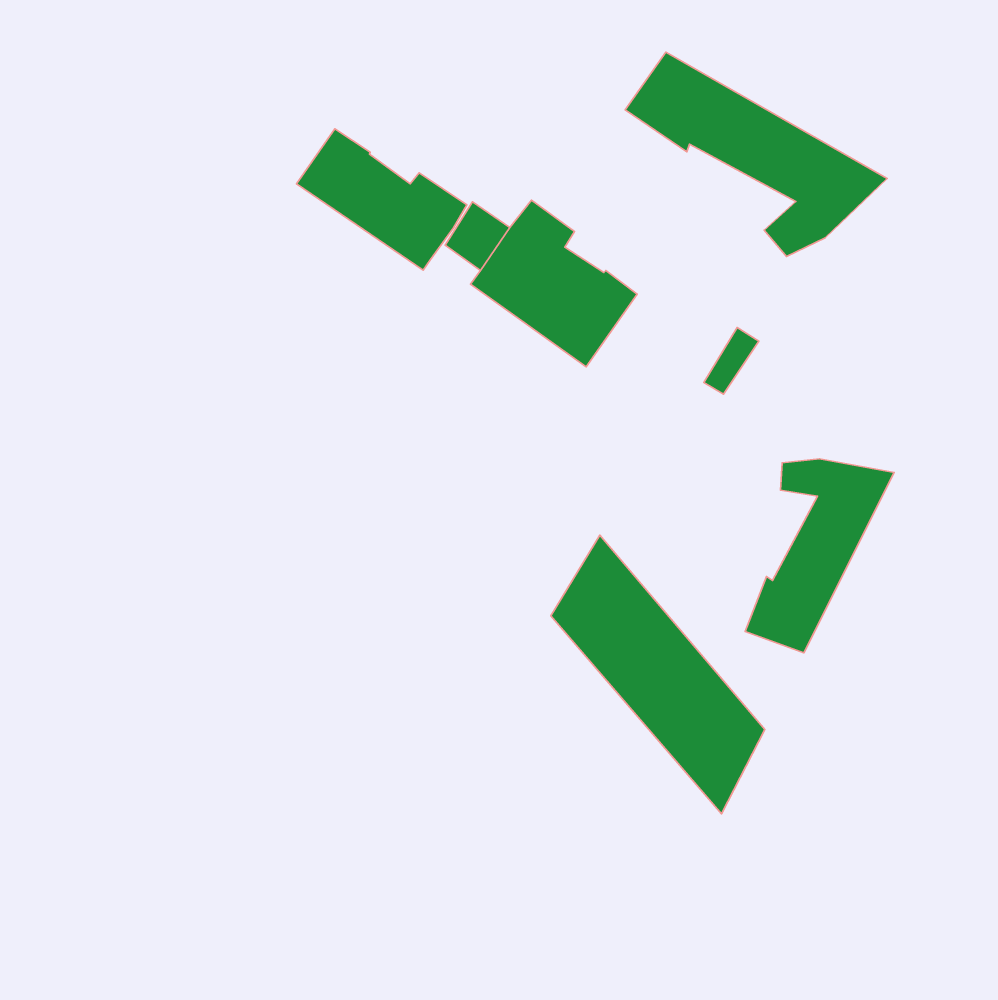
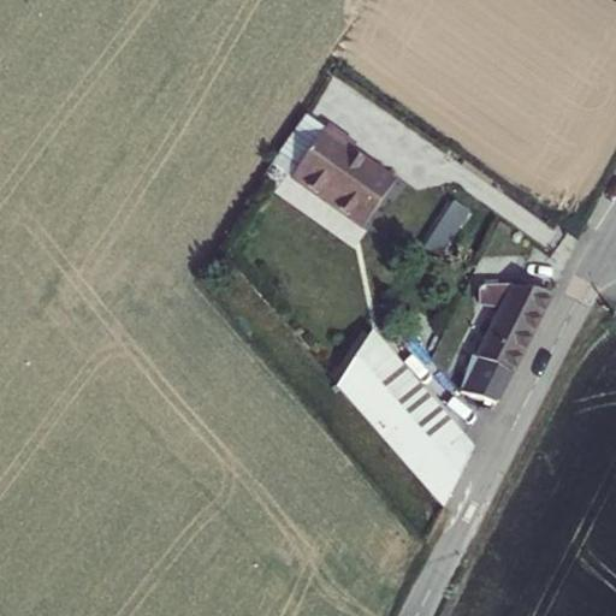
building: [625,52,887,256] -> none
building: [297,129,467,270] -> none

